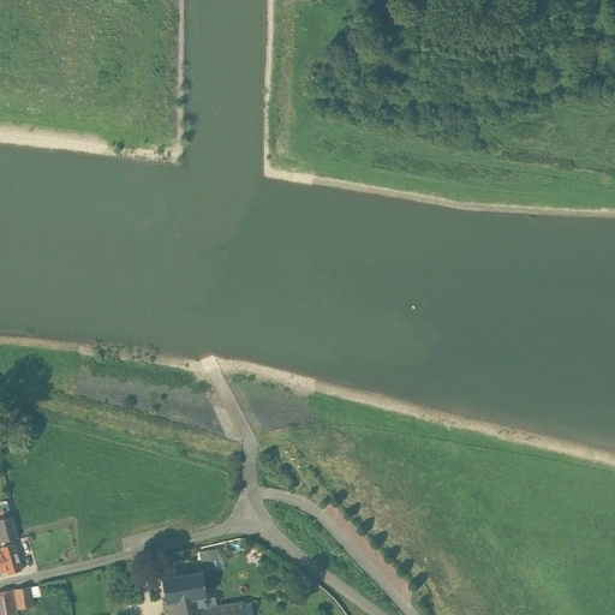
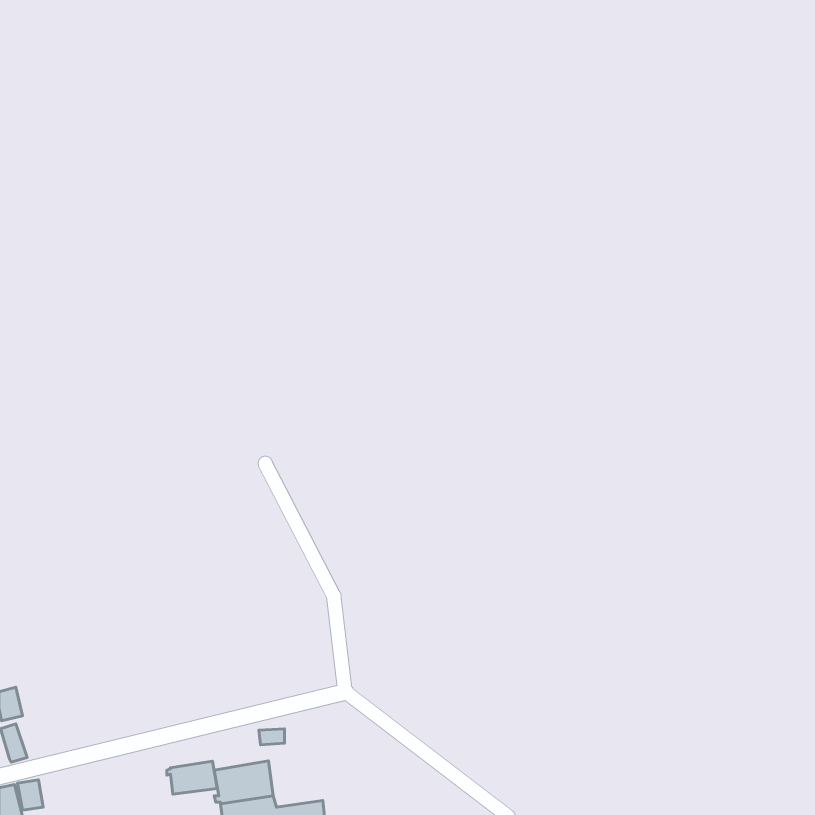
building: none -> [167,761,217,794]

